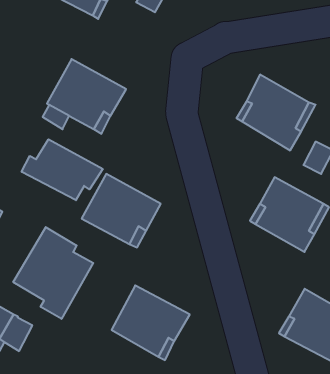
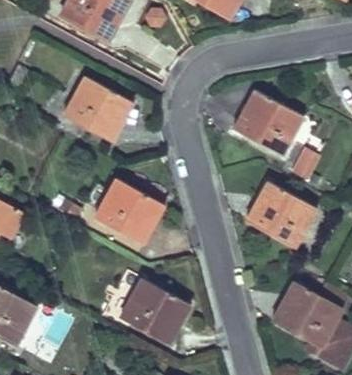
building: [22,139,103,200] -> none
building: [13,227,93,319] -> none

